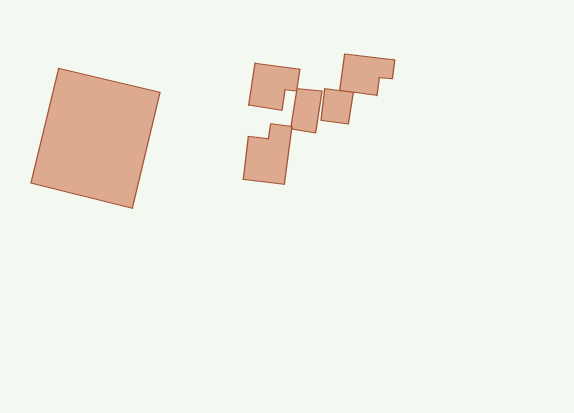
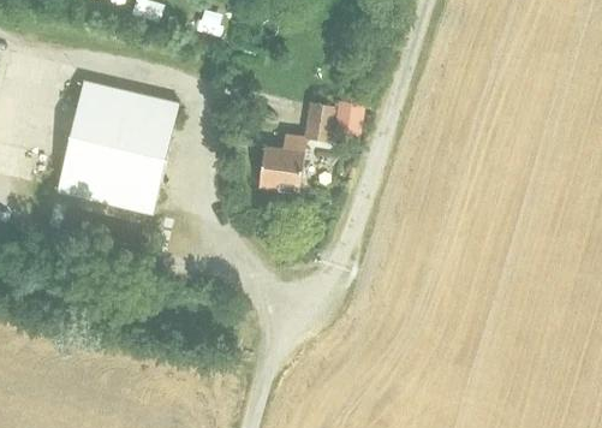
building: [340,54,395,96] -> none
building: [249,63,300,110] -> none

